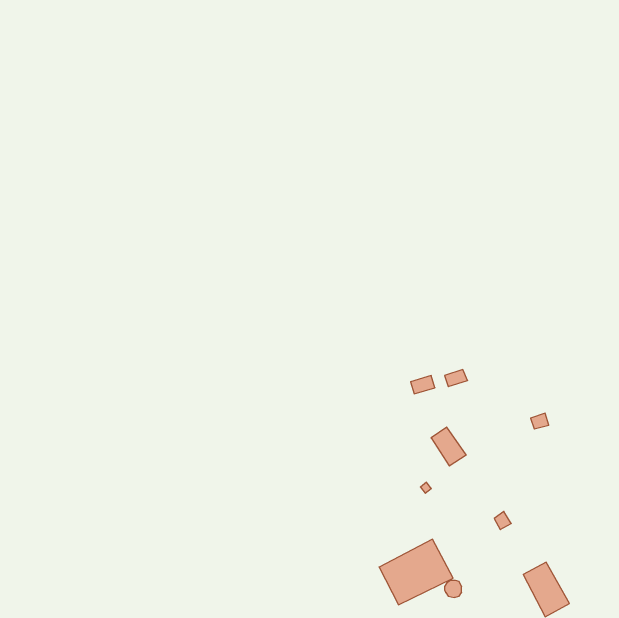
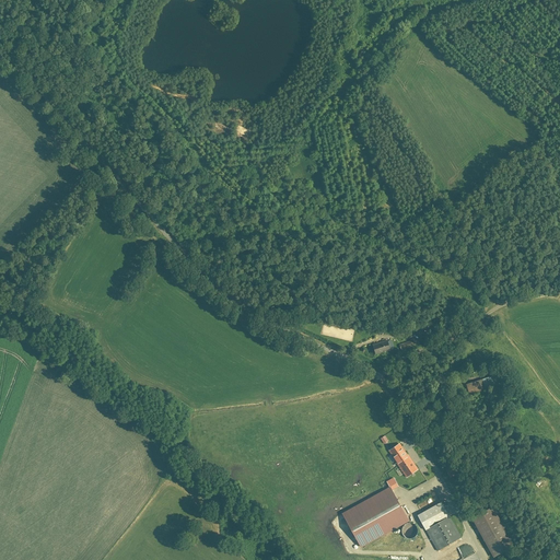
building: [431,427,466,466] -> [387,440,419,475]
building: none -> [417,502,462,551]

